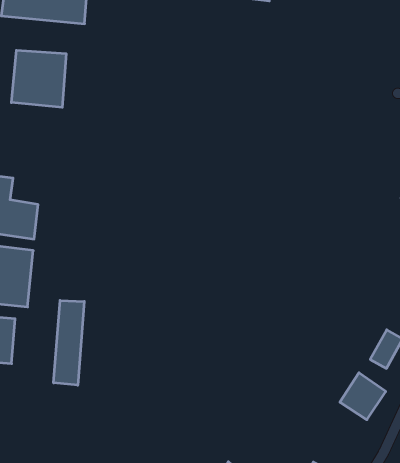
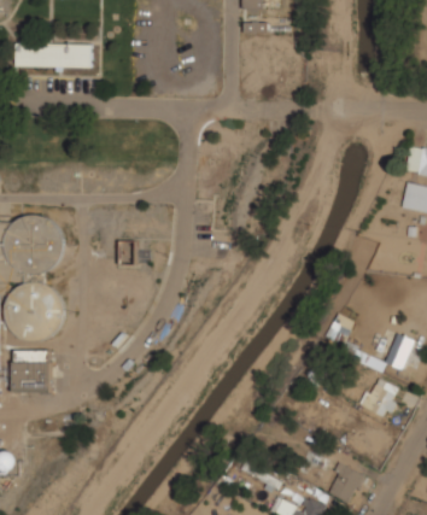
building: [11,50,66,107] -> none
building: [54,300,84,385] -> none

